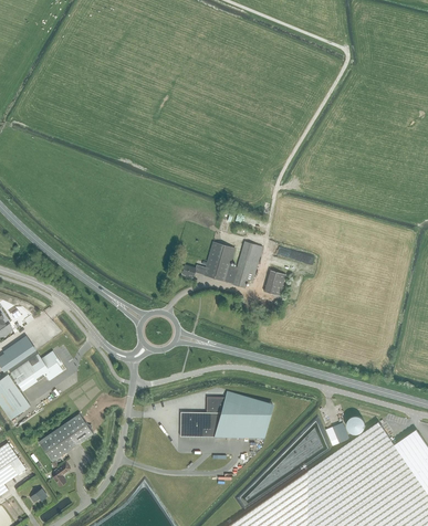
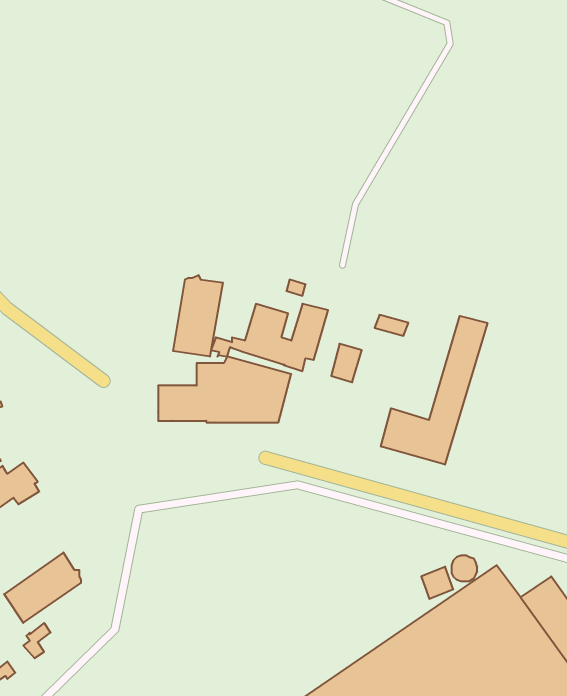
building: none -> [173,275,223,357]
building: none -> [381,316,487,465]
building: [180,392,272,438] -> [158,357,291,422]

